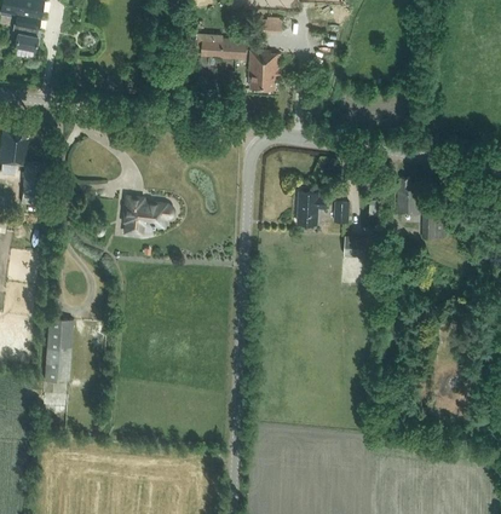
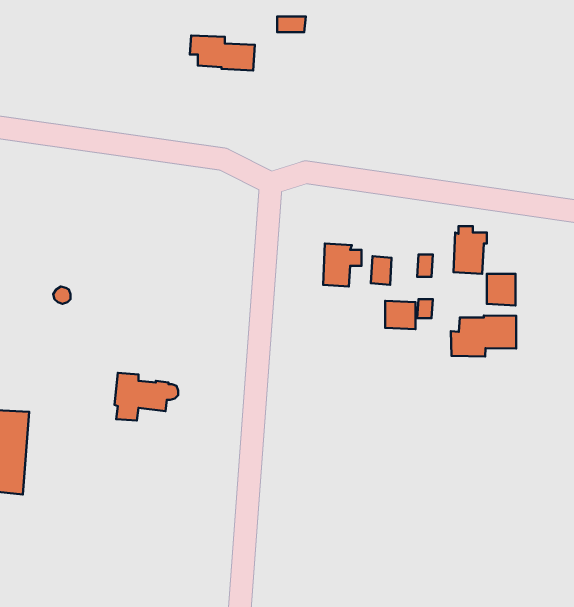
building: [247,50,278,89] -> none
building: [123,197,172,233] -> [114,373,178,421]
building: none -> [451,315,516,356]

